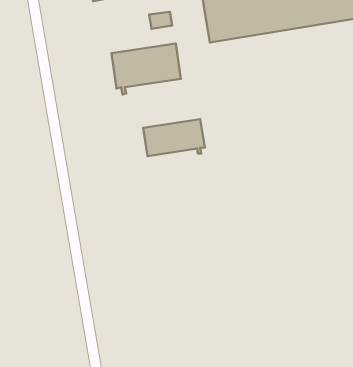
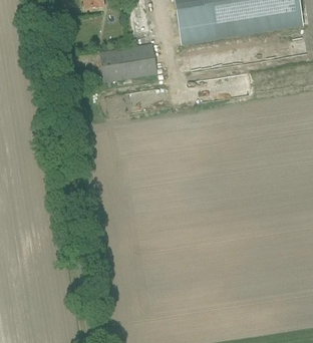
building: [143,119,205,156] -> none

